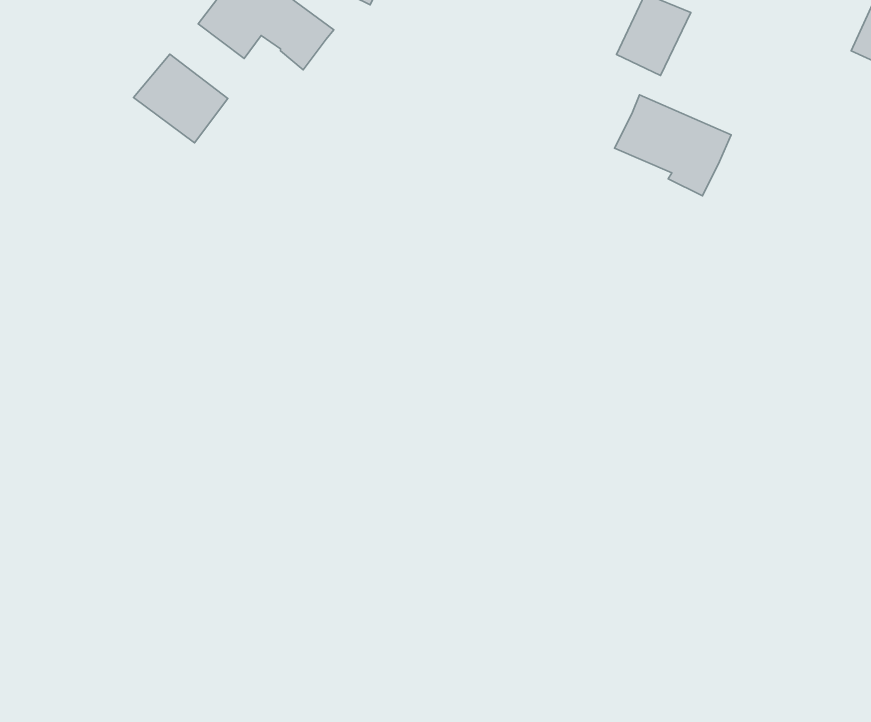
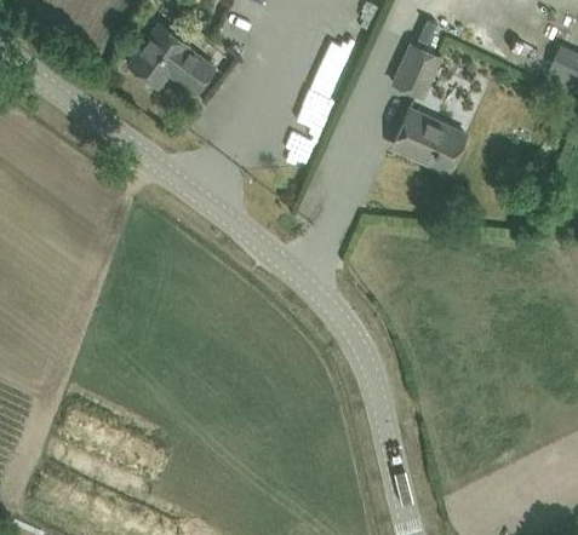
building: [134,54,228,143] -> none

